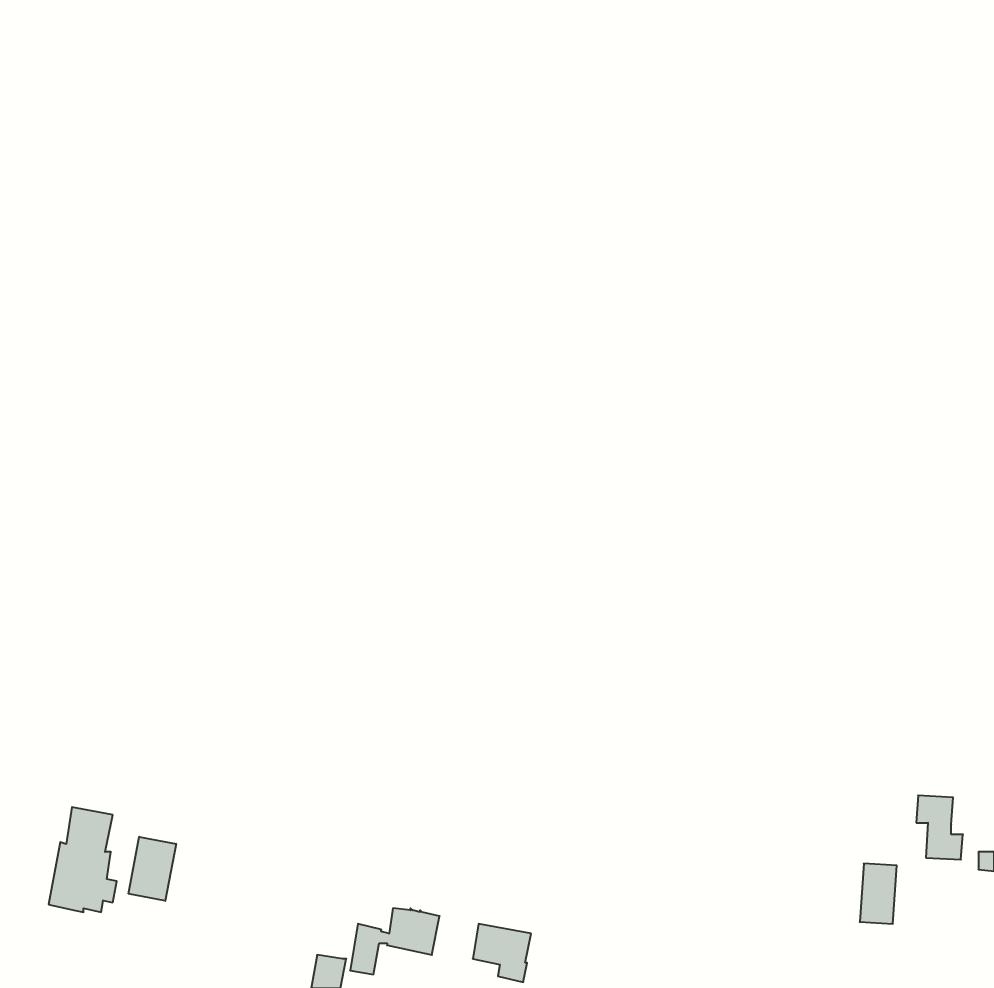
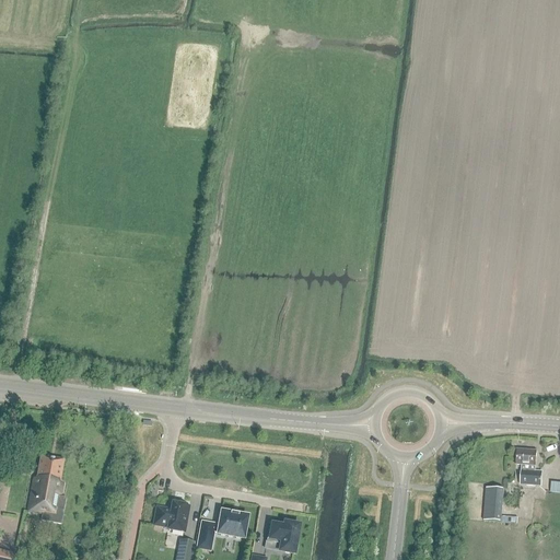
building: [129,837,176,901] -> none
building: none -> [153,501,188,530]

